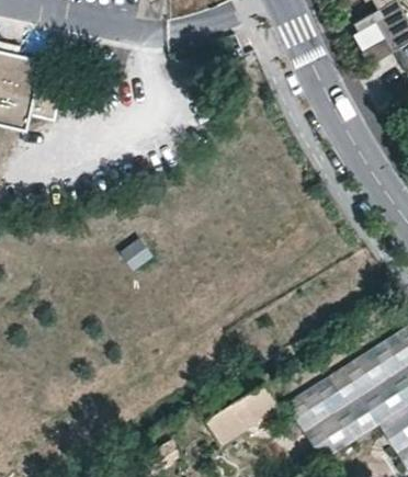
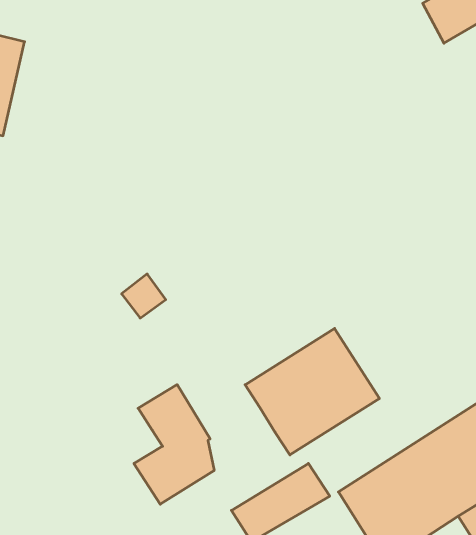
building: none -> [245,328,379,455]
building: none -> [134,385,214,504]

